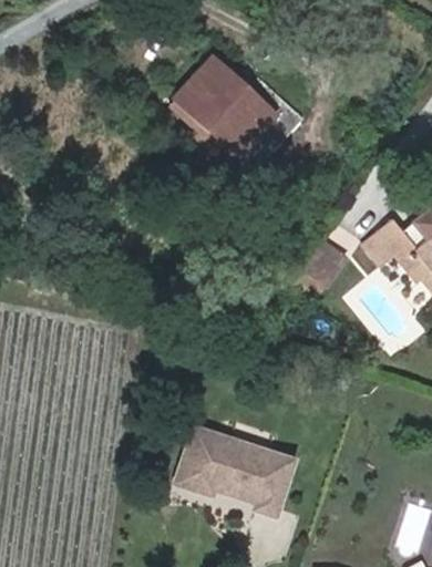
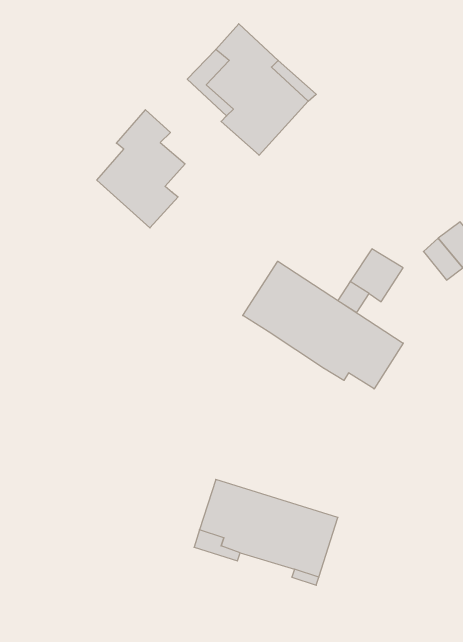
building: none -> [97,110,185,228]
building: none -> [243,261,403,389]

